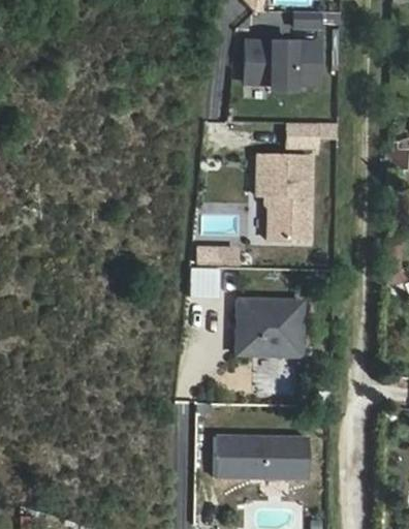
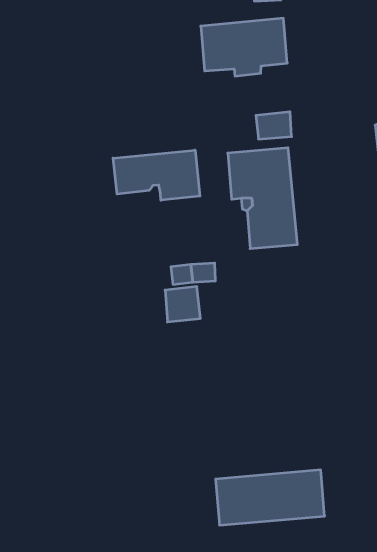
building: none -> [113,150,200,200]
building: [238,299,303,354] -> none

